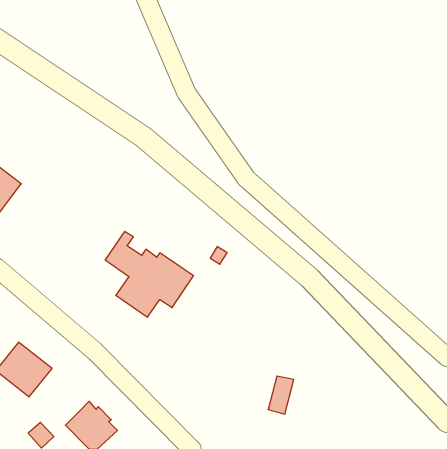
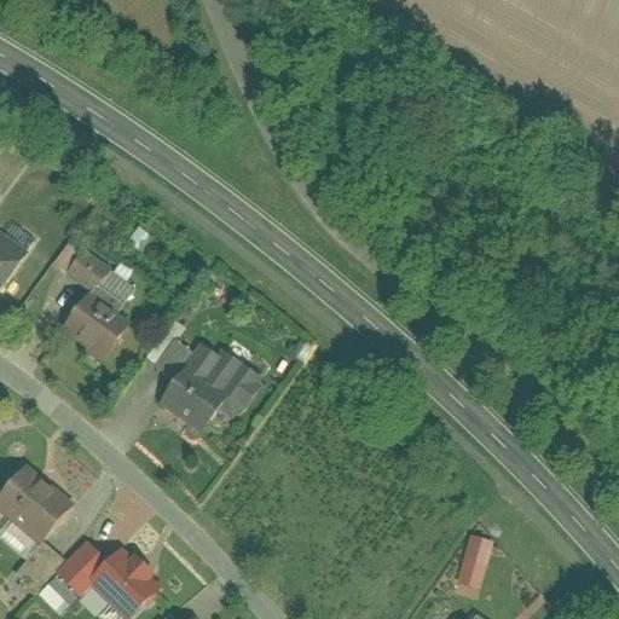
building: none -> [53,239,135,359]
building: [268,376,294,414] -> [456,534,491,586]
building: none -> [56,543,106,594]

